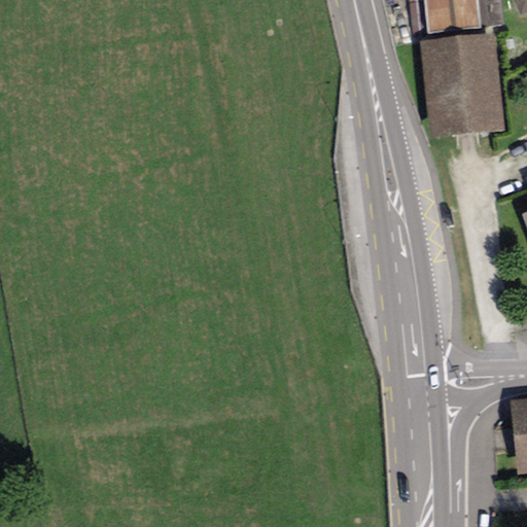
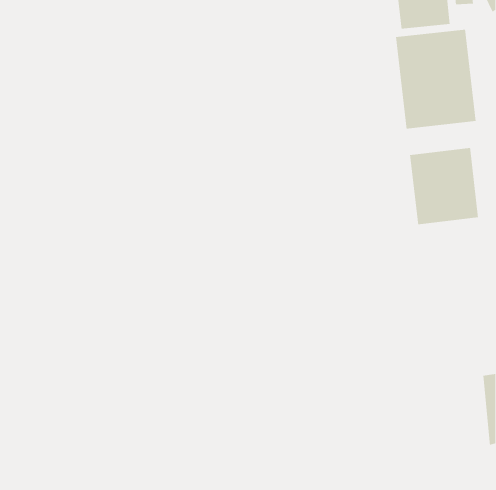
building: none -> [410,147,479,225]

